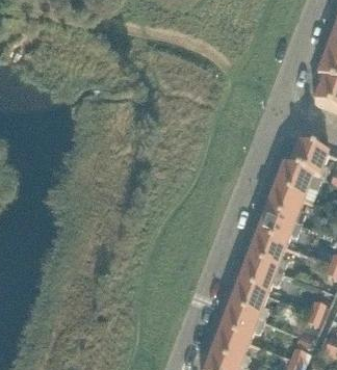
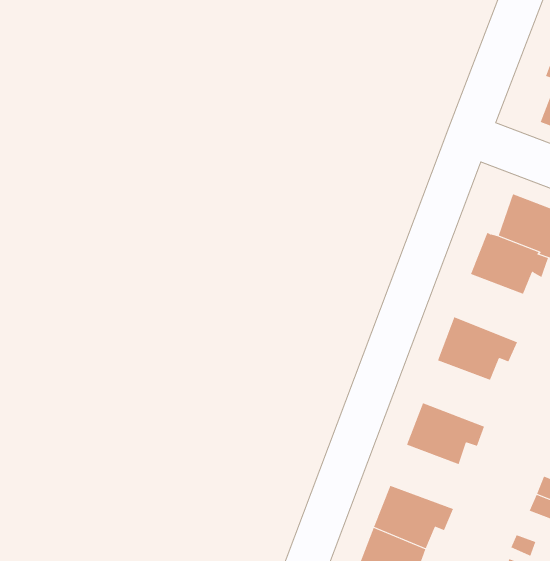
building: [264,186,305,224] -> none
building: [247,235,286,272] -> none
building: [228,283,268,319] -> none

